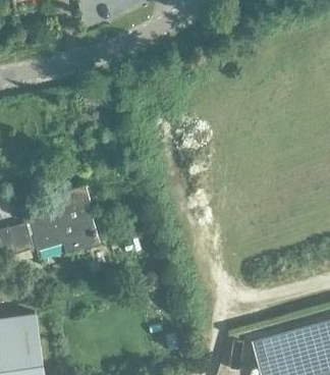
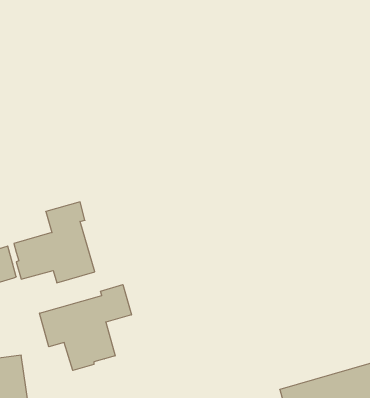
building: none -> [40,285,131,370]

